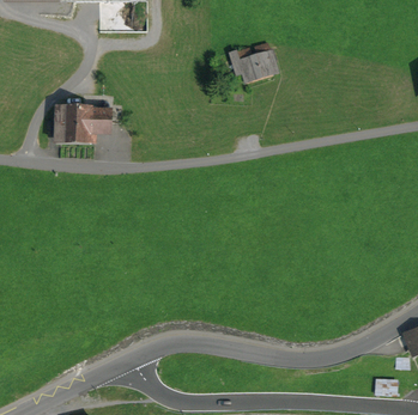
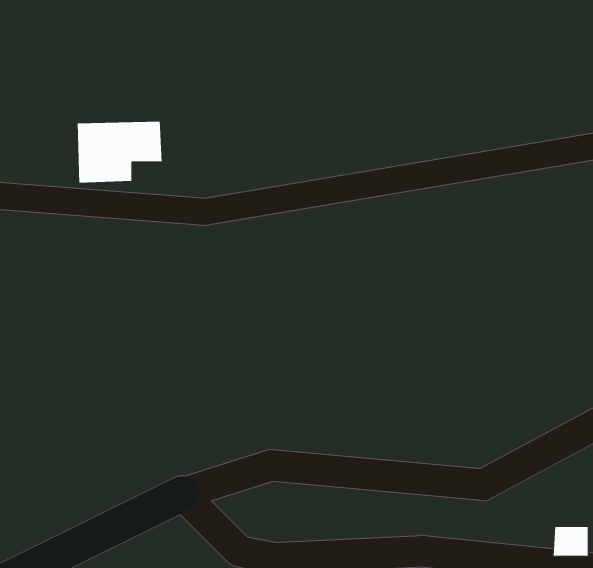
building: [230,48,278,86] -> none

